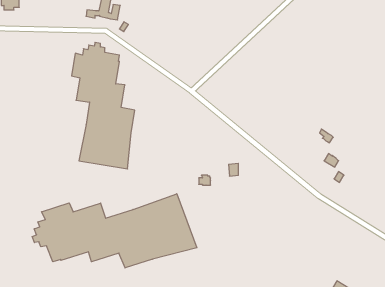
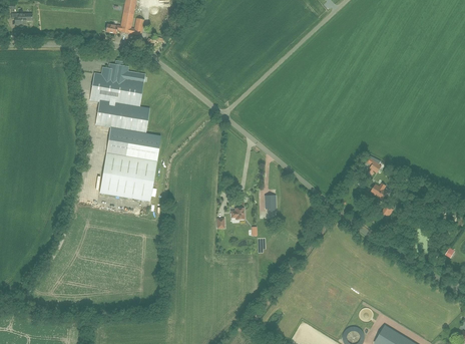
building: [32,194,197,268] -> none

